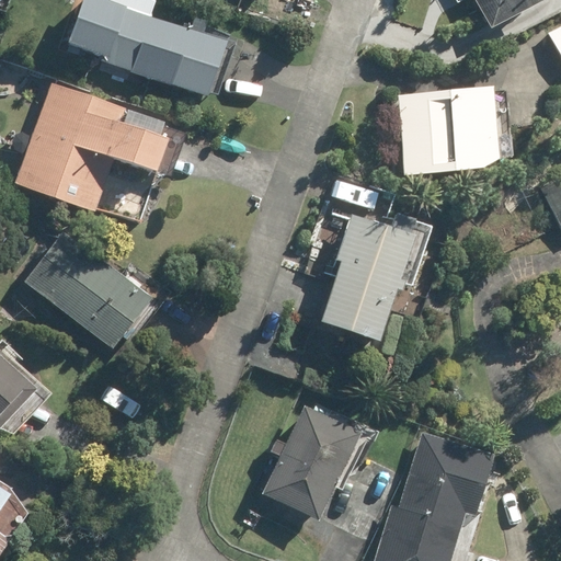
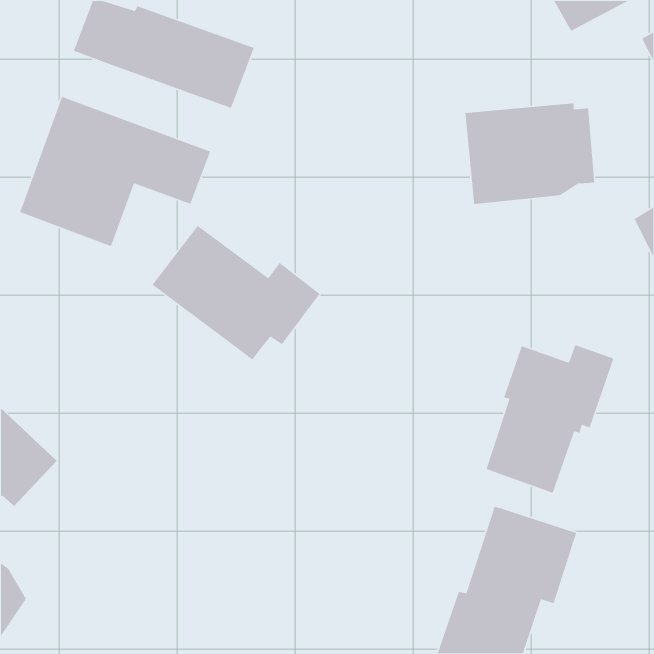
building: [320,214,431,342] -> [485,344,615,494]
building: [24,232,169,348] -> [152,225,320,360]
building: [262,405,359,519] -> none

